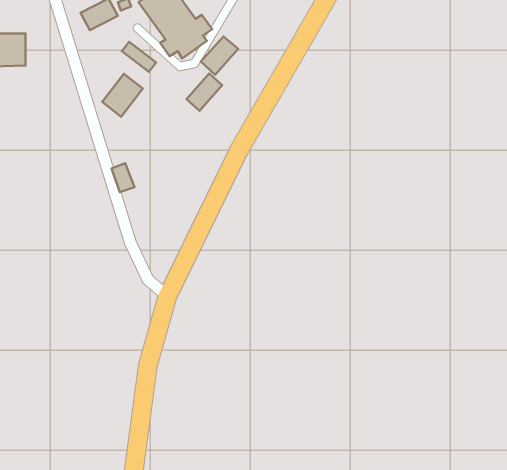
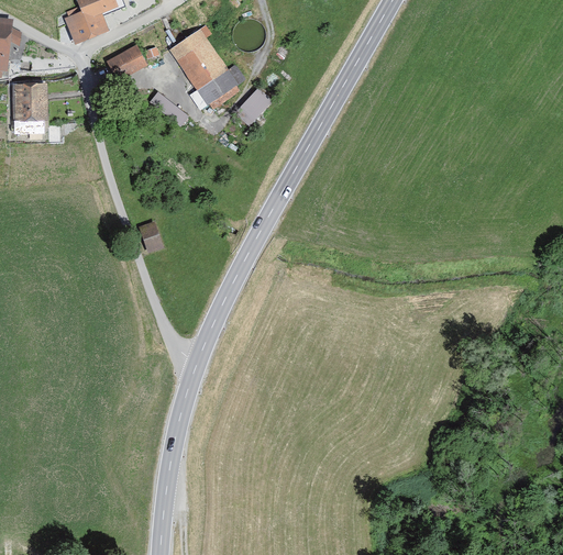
building: [187,74,222,111] -> none
building: [102,74,143,117] -> none

